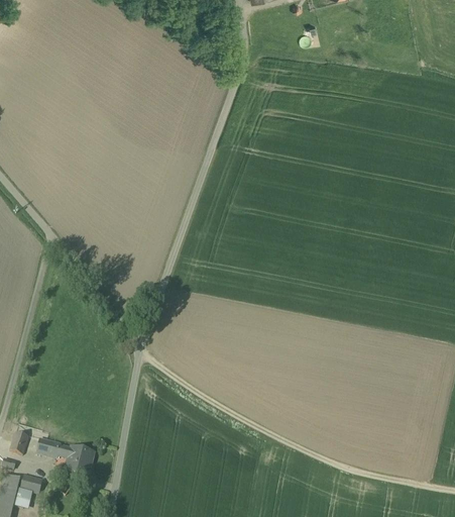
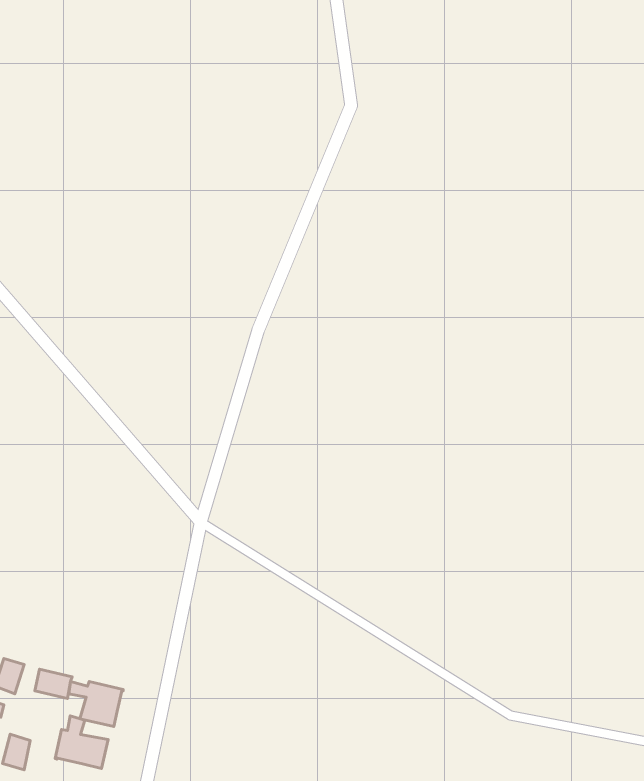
building: none -> [55,716,108,768]

